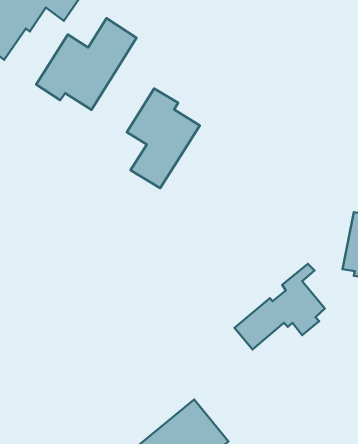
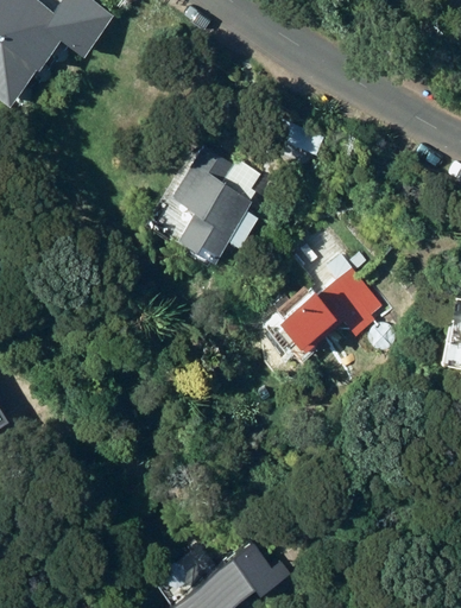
building: [36,18,137,110] -> none
building: [235,264,325,350] -> [269,249,381,356]

